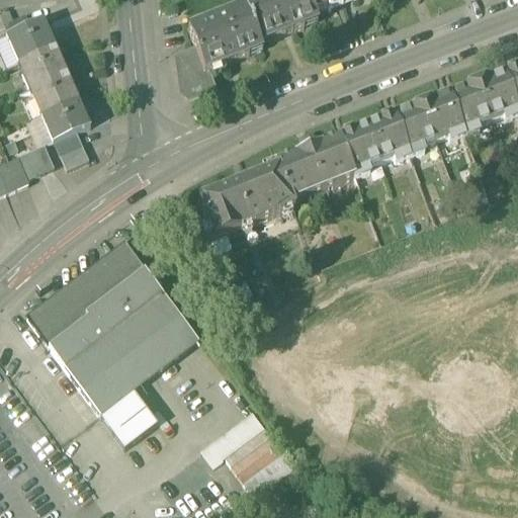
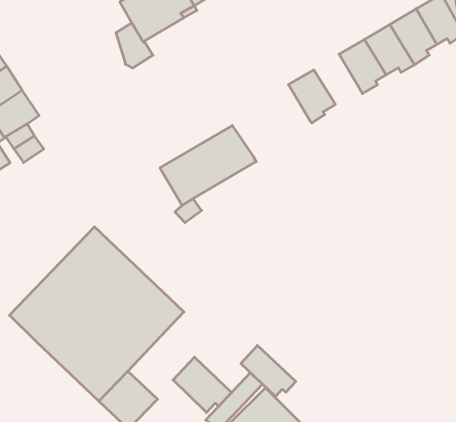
building: [366,113,410,162] -> none
building: [275,135,354,198] -> none
building: none -> [241,345,296,397]
building: none -> [173,357,232,413]

